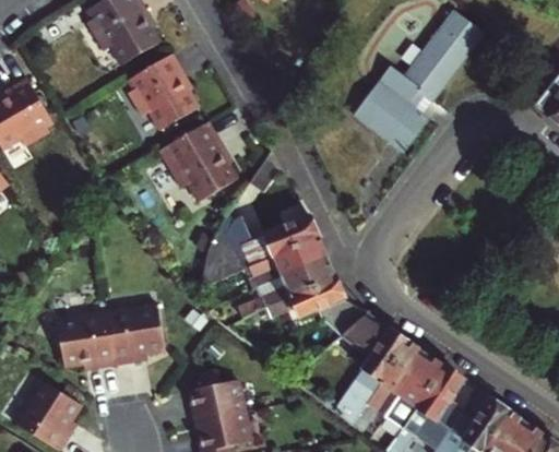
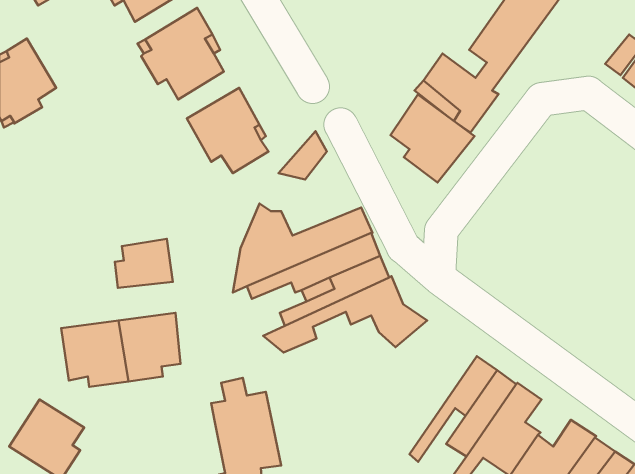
building: none -> [391,95,474,182]
building: none -> [115,239,173,288]
building: [335,314,413,429] -> none

